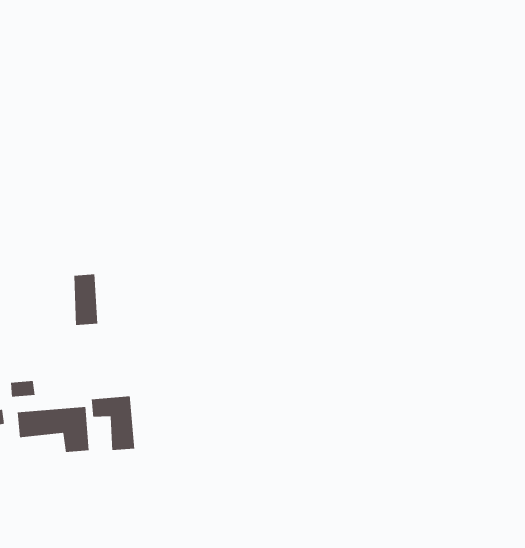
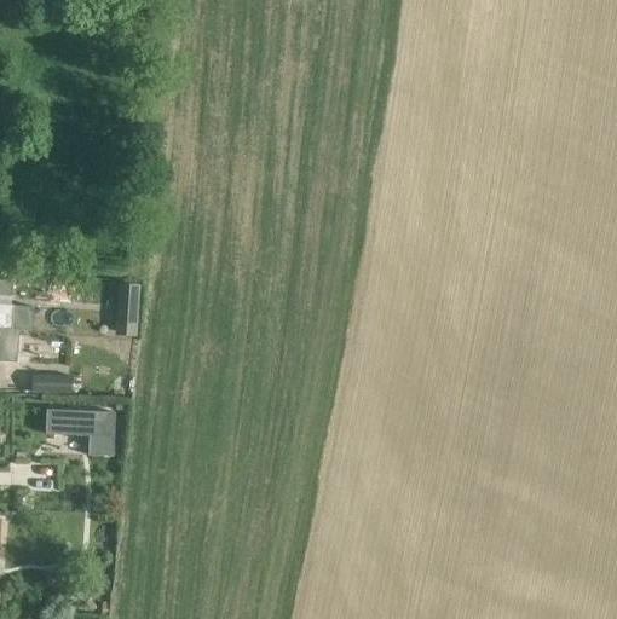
building: [91,395,135,451] -> none

